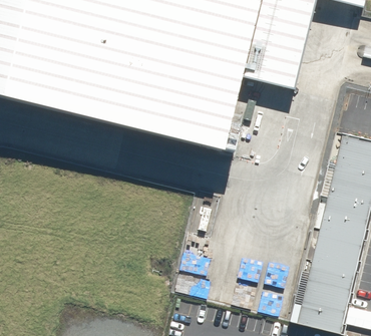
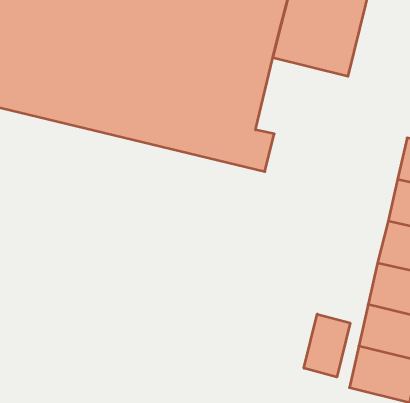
building: none -> [304,314,350,377]

